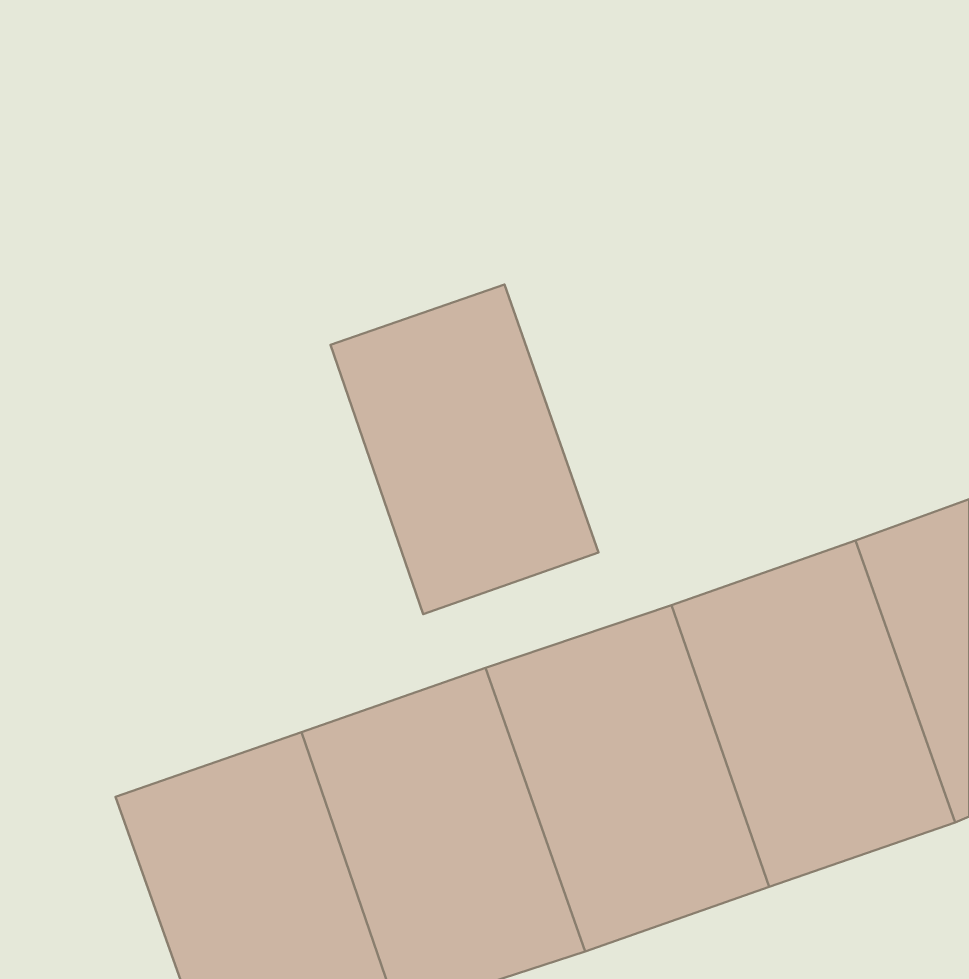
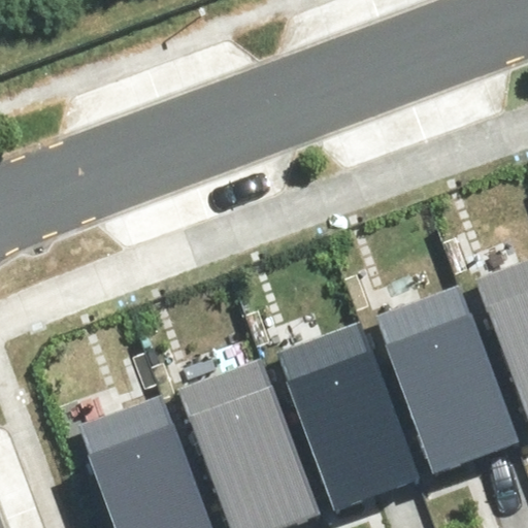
building: [330,284,599,614] -> none

